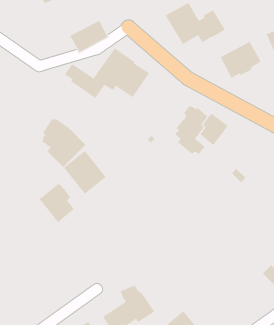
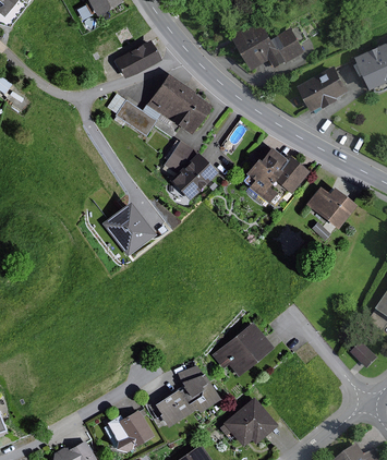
building: [41,118,86,168] -> [161,141,217,202]
building: none -> [305,187,355,230]
building: [39,183,75,223] -> none
building: none -> [210,323,271,377]

